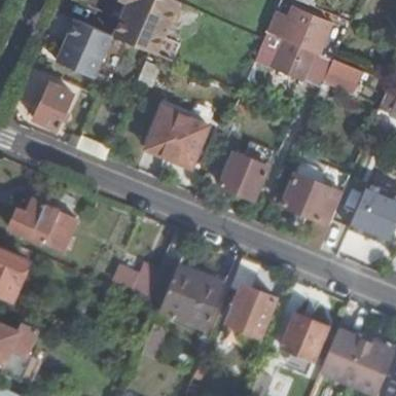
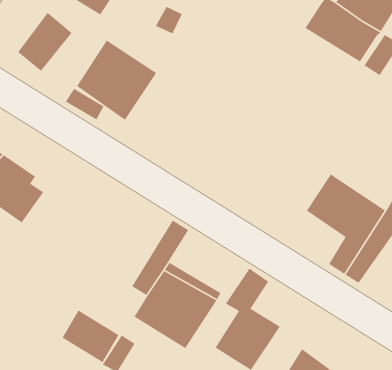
building: [147,106,209,168] -> [76,39,157,121]
building: [220,152,267,199] -> none
building: [109,259,154,298] -> [62,310,120,363]

